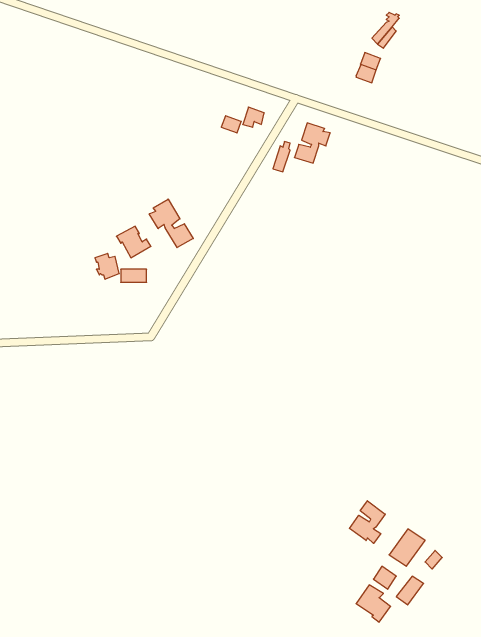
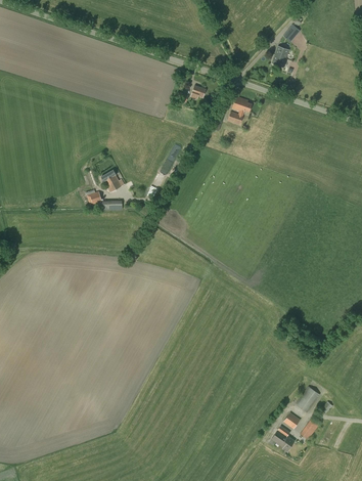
building: [149,199,193,248] -> none
building: [349,501,385,543] -> none

